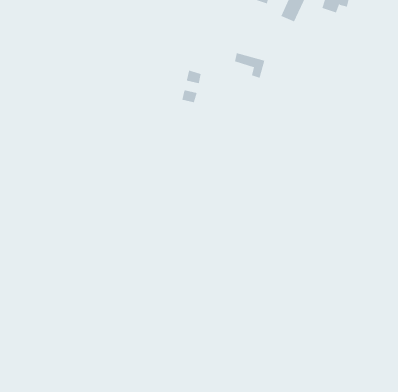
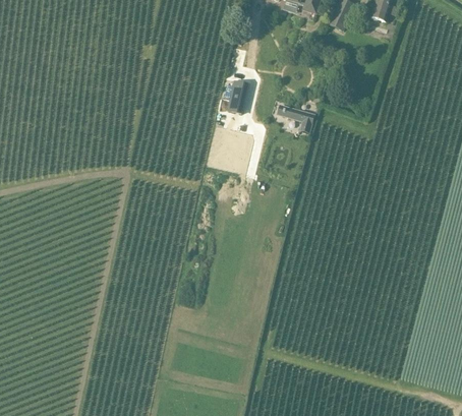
building: [234,53,265,79] -> [280,107,311,133]

